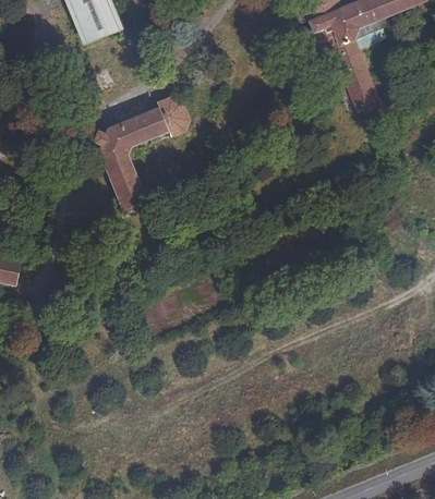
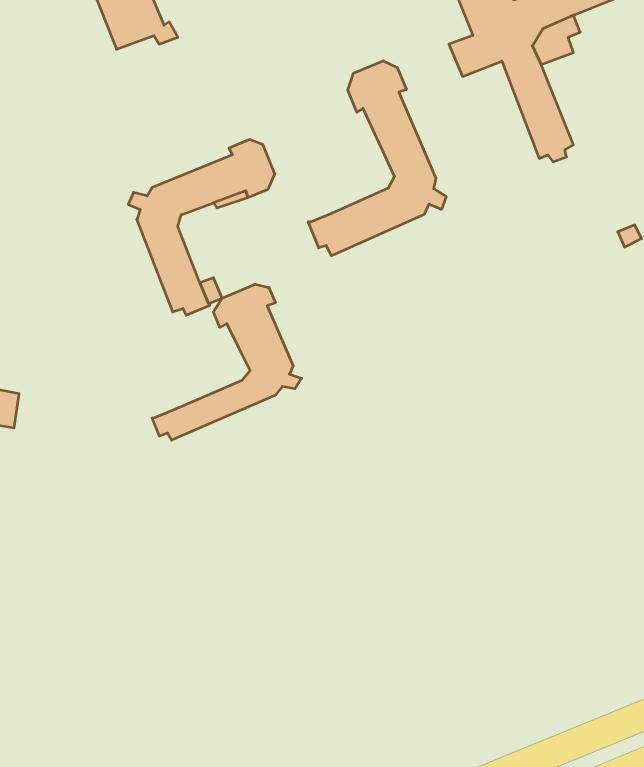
building: none -> [308,61,446,256]
building: none -> [152,284,302,440]

